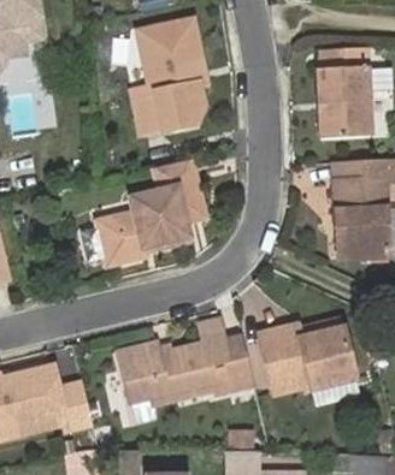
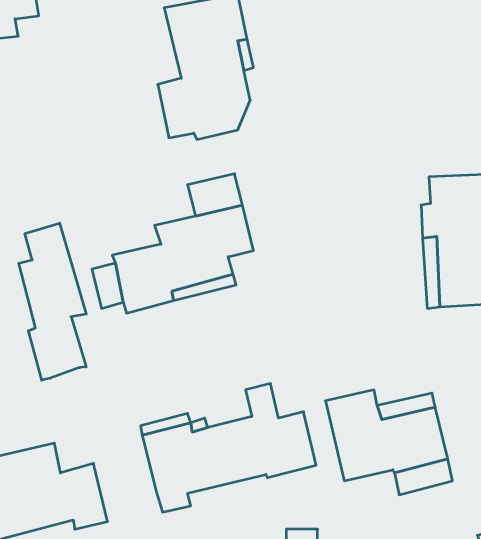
building: [317,46,371,137] -> none
building: none -> [19,223,86,380]

